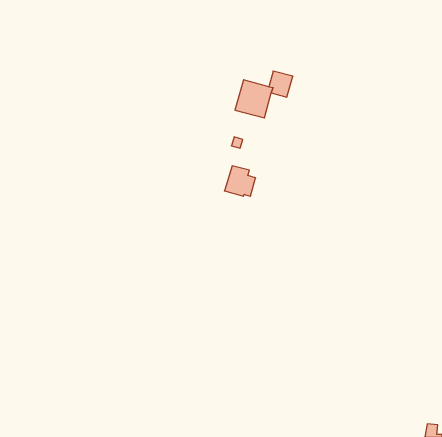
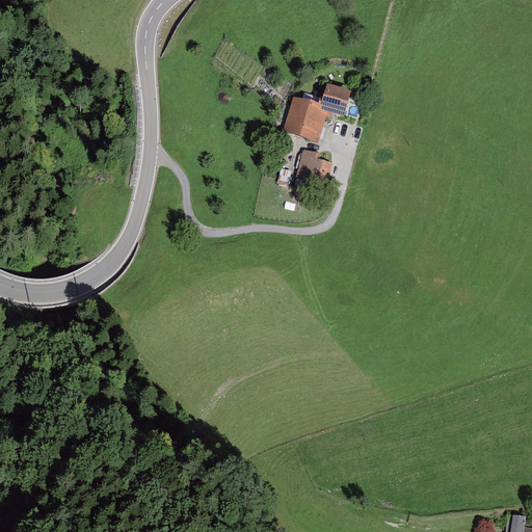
building: [224,166,256,196] -> [294,147,331,183]

